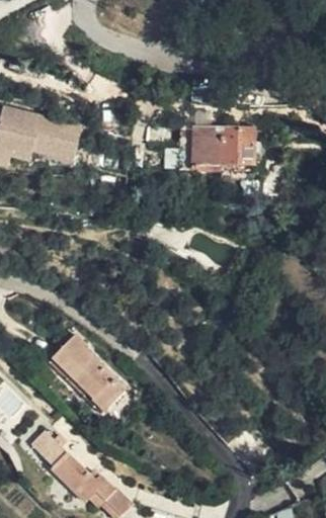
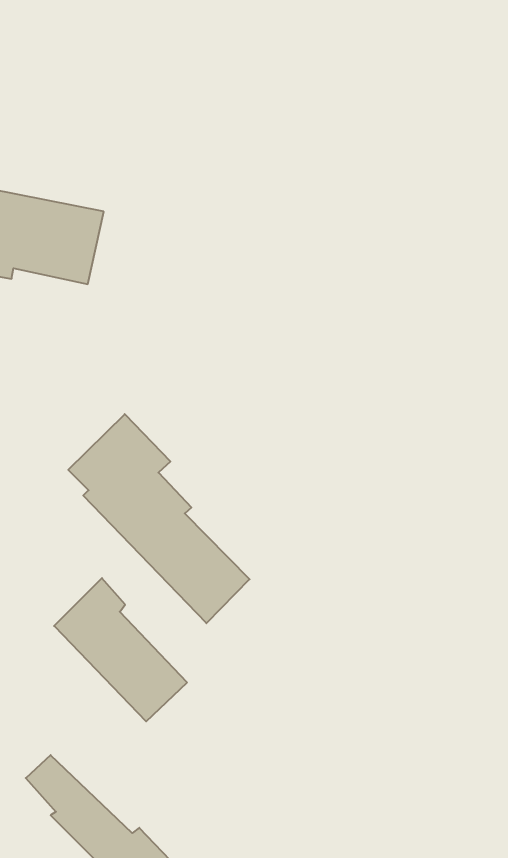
building: [184,128,259,171] -> none
building: none -> [68,414,250,623]

